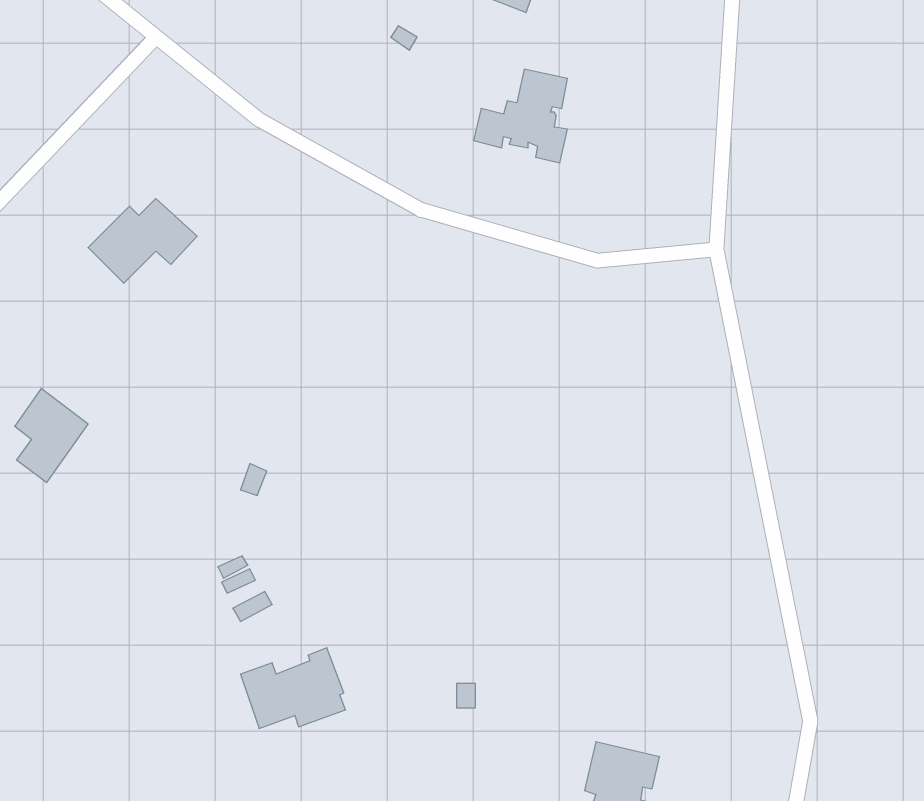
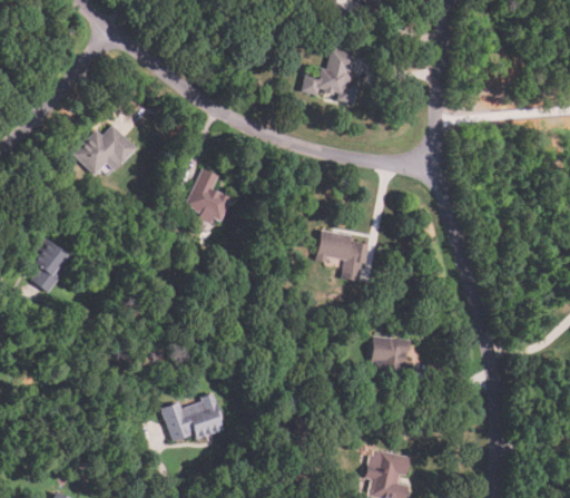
building: none -> [185,167,232,221]
building: none -> [315,228,368,281]
building: none -> [372,336,415,379]

